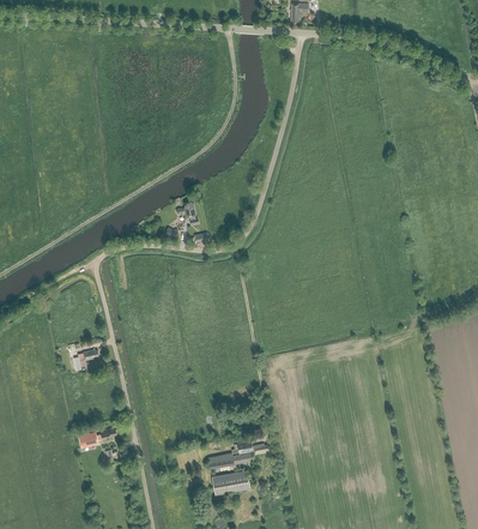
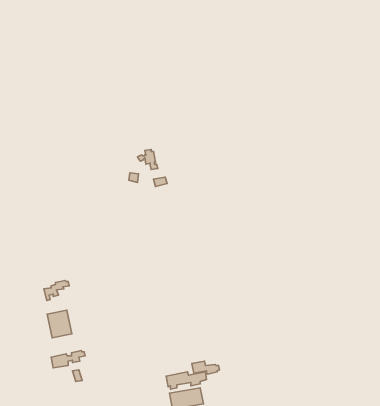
building: none -> [47,310,72,338]

